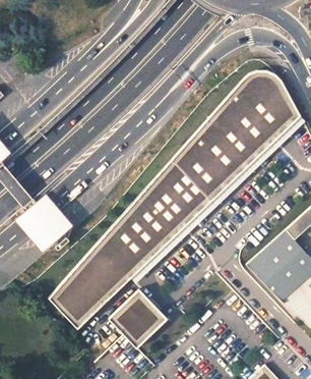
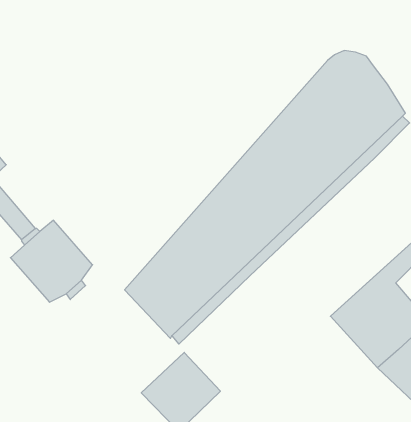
building: [48,245,130,330] -> none

